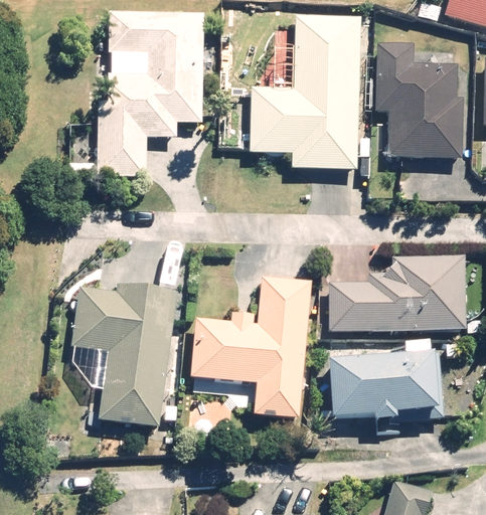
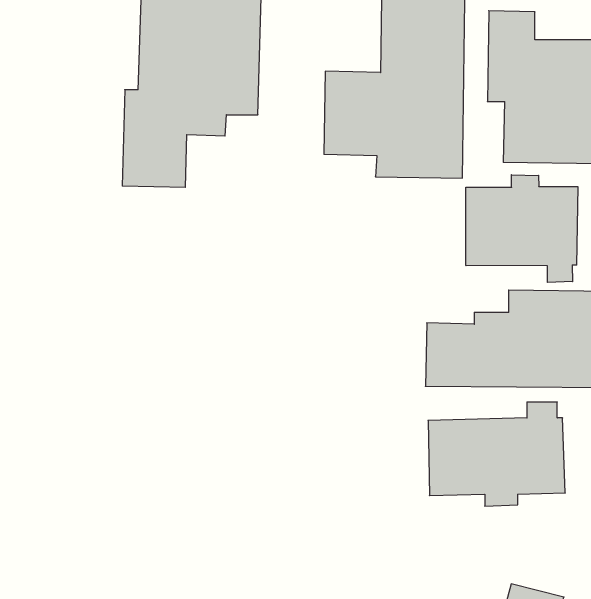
building: none -> [466,175,578,282]
building: [190,278,309,419] -> none
building: [75,283,175,430] -> none

